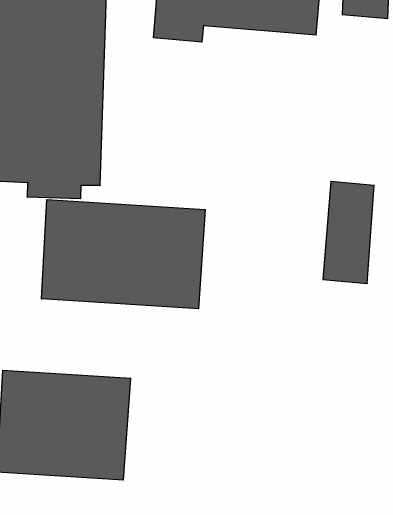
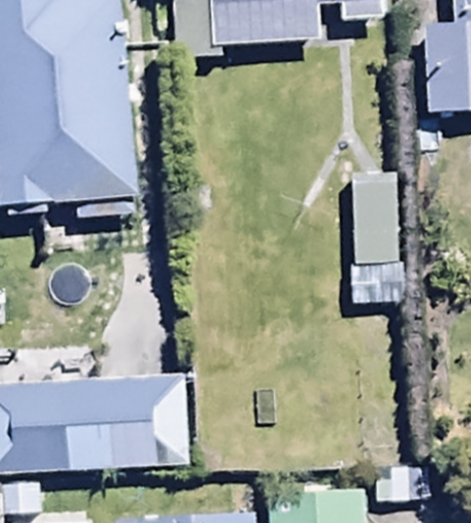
building: [42,200,205,309] -> none

